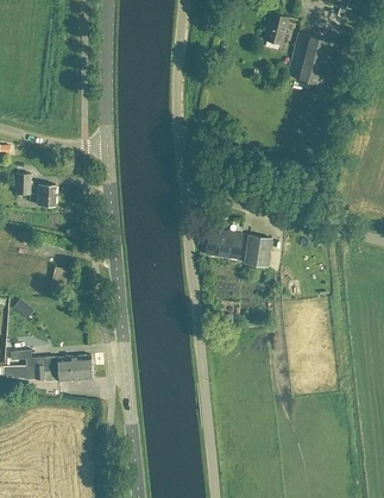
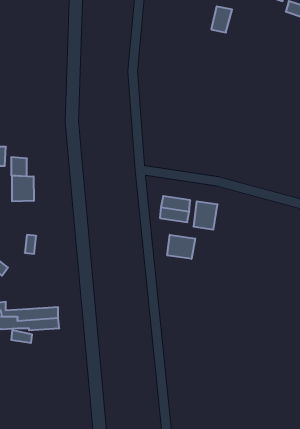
building: [287,31,339,84] -> none
building: none -> [12,176,34,201]
building: none -> [167,235,195,259]

